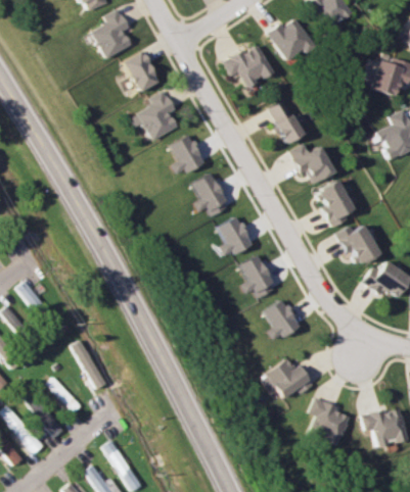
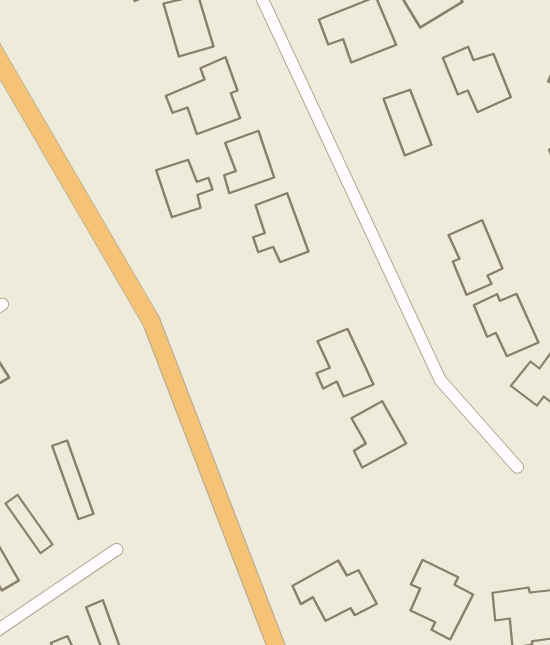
building: [287,143,332,184] -> [443,47,511,112]
building: none -> [156,160,213,217]
building: [217,216,252,256] -> none
building: [261,359,315,398] -> [293,560,377,621]

